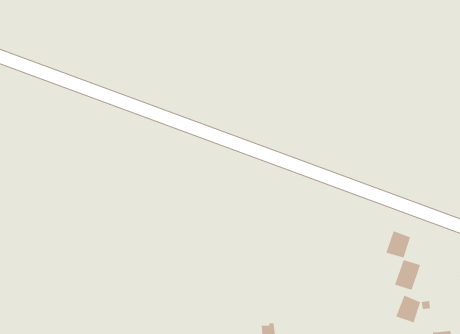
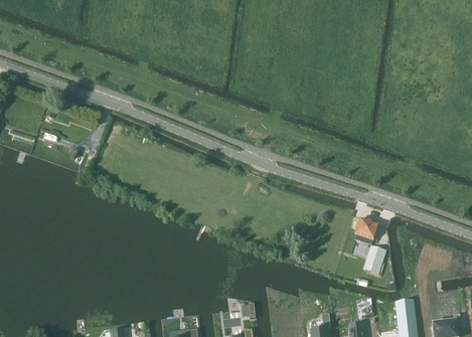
building: [396,295,421,323] -> none

